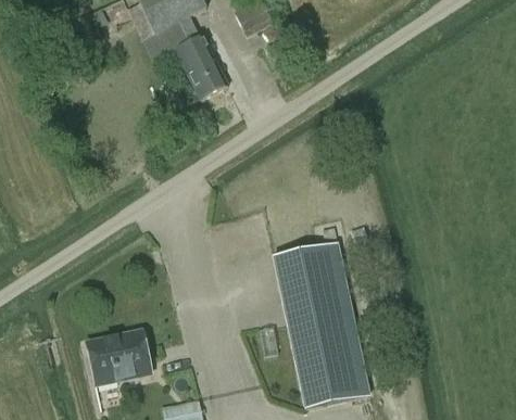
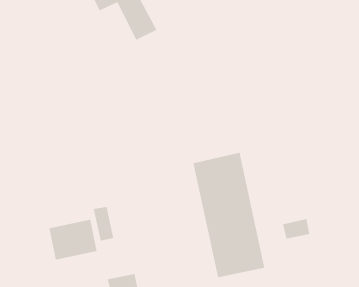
building: none -> [93,206,114,241]
building: none -> [282,218,310,239]

